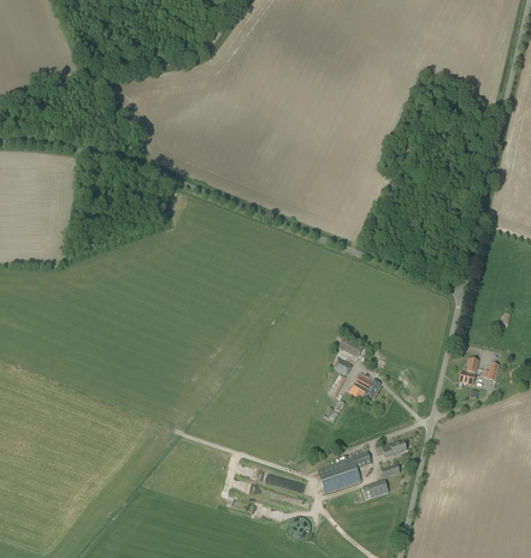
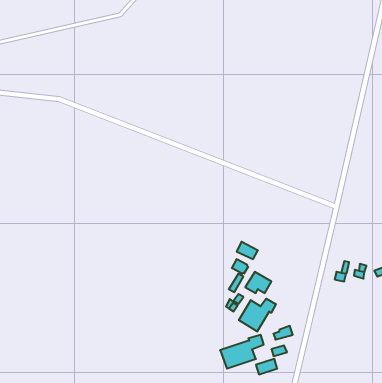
building: none -> [239,299,276,332]

